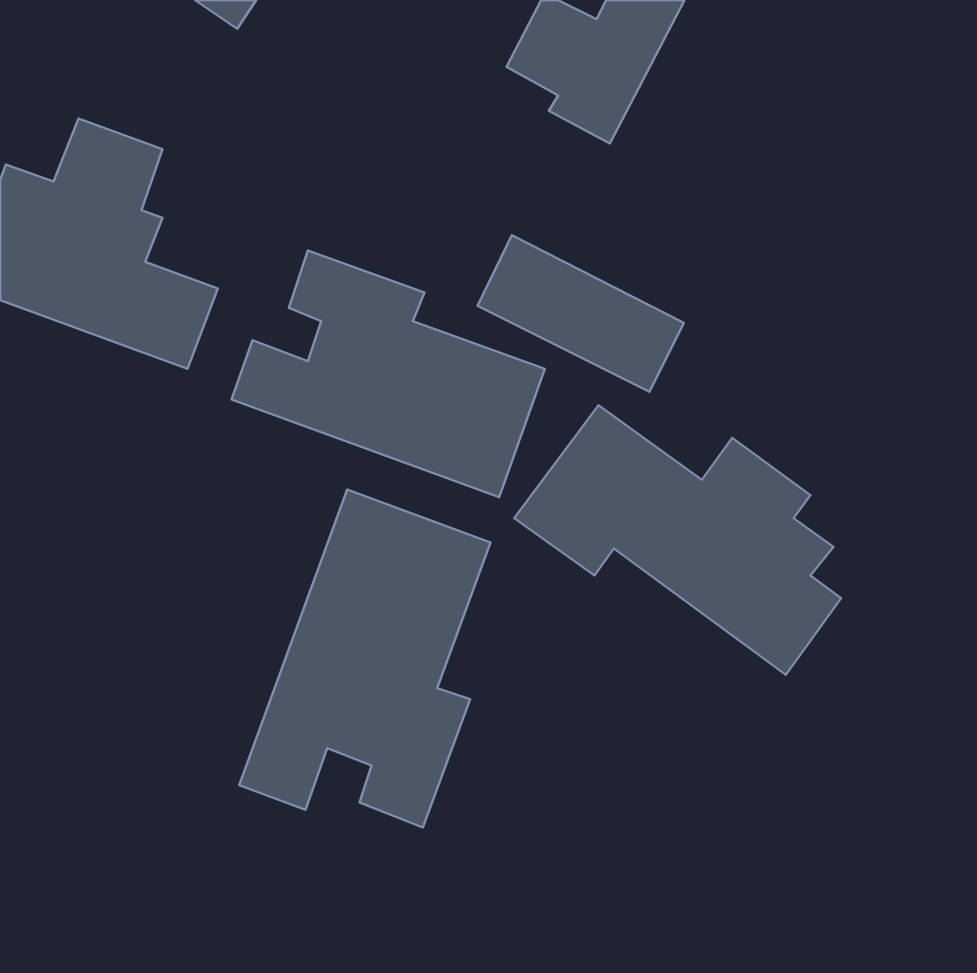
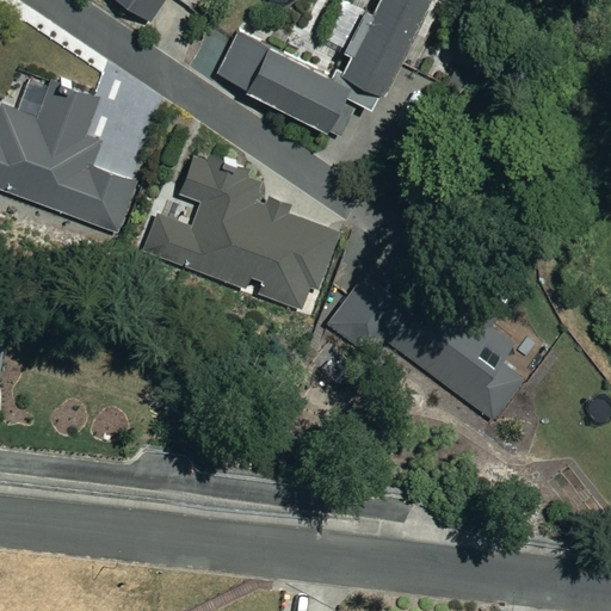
building: [477,235,684,392] -> [218,32,347,130]
building: [239,490,490,828] -> none

